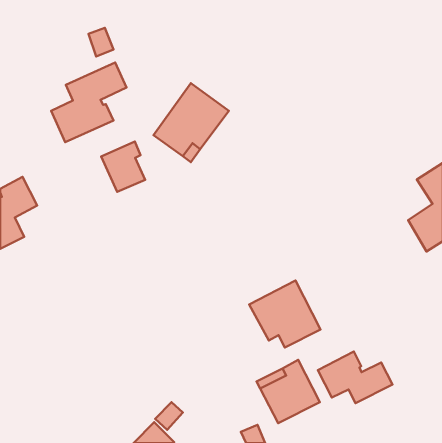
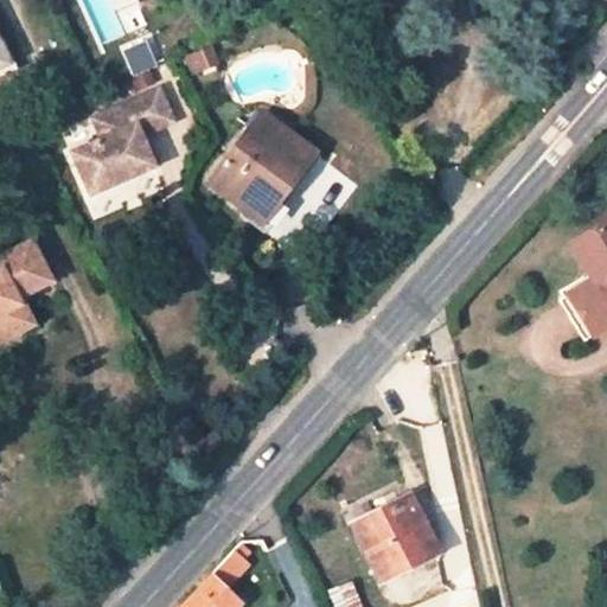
building: [101,141,145,192] -> none
building: [249,280,321,347] -> none
building: [318,352,393,403] -> none

